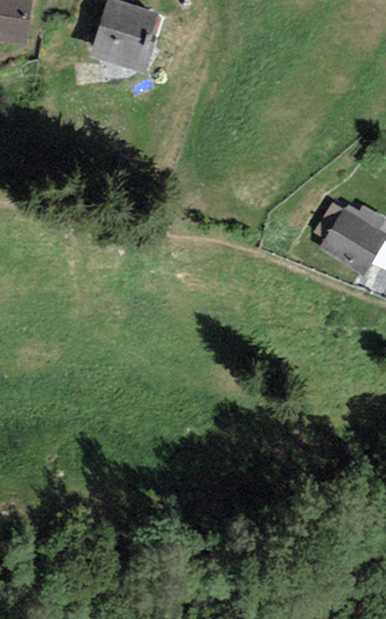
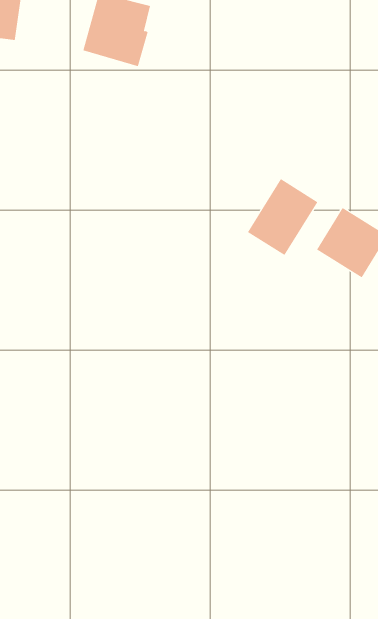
building: none -> [247,178,318,256]

